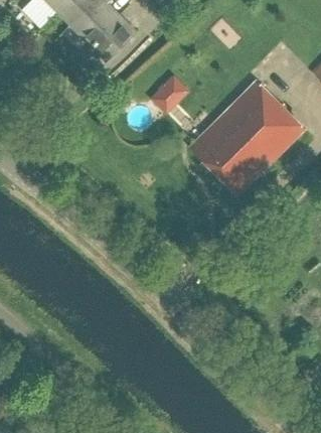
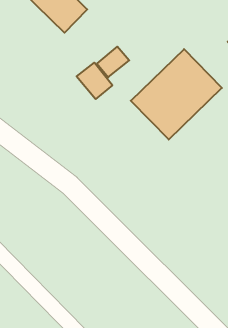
building: none -> [77,63,112,99]

